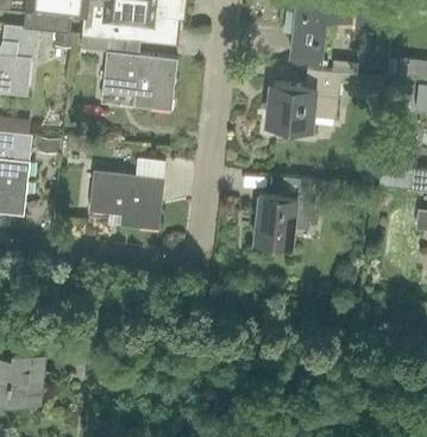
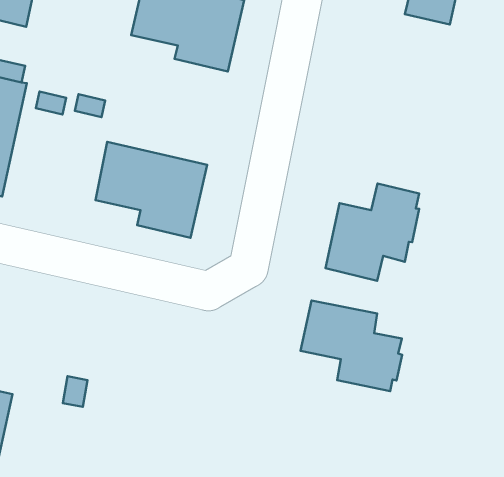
building: [265,71,340,131] -> none
building: none -> [301,300,402,391]

